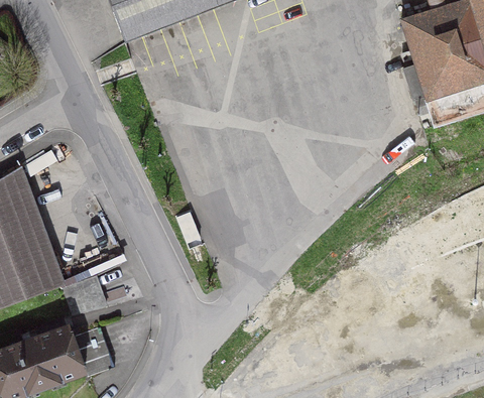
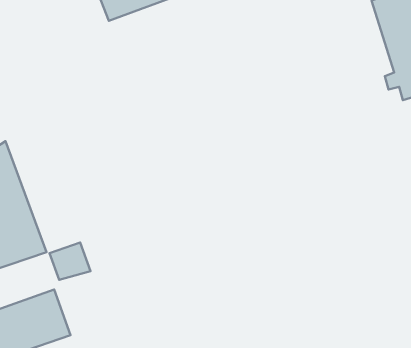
building: [73,323,114,374] -> none

